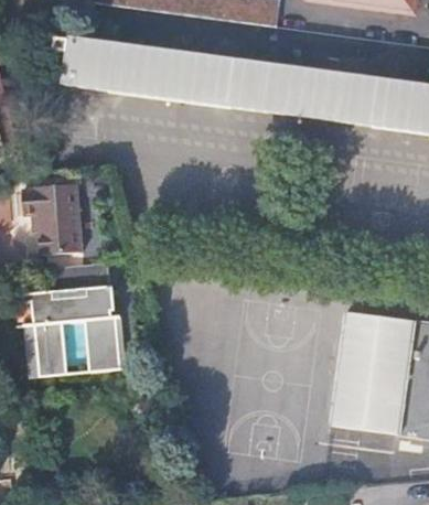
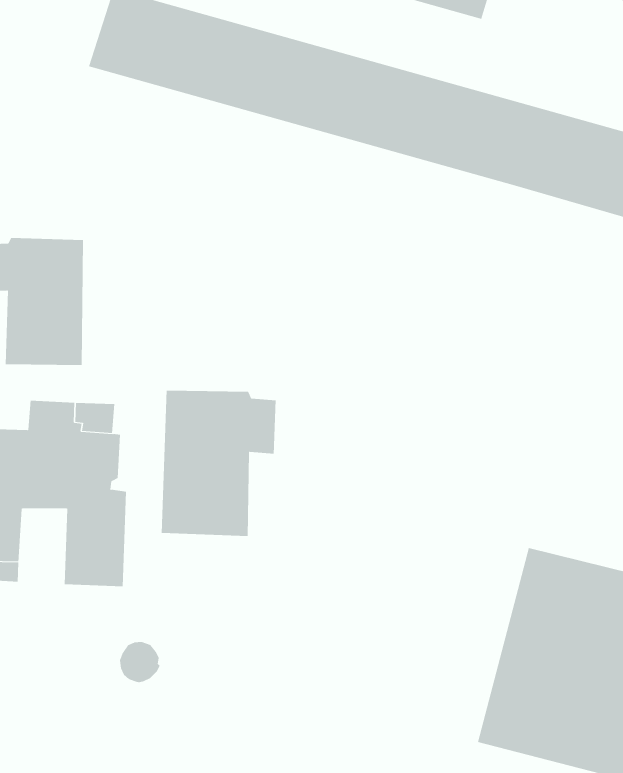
building: none -> [161,390,276,537]

